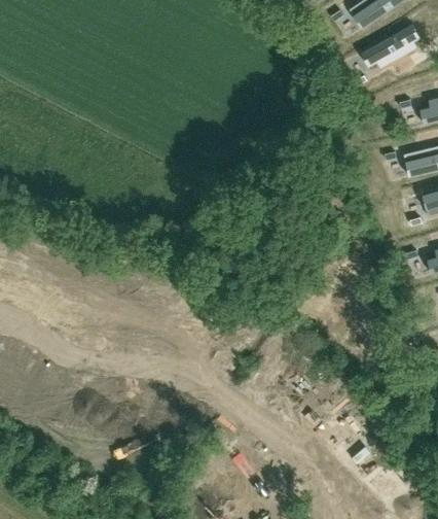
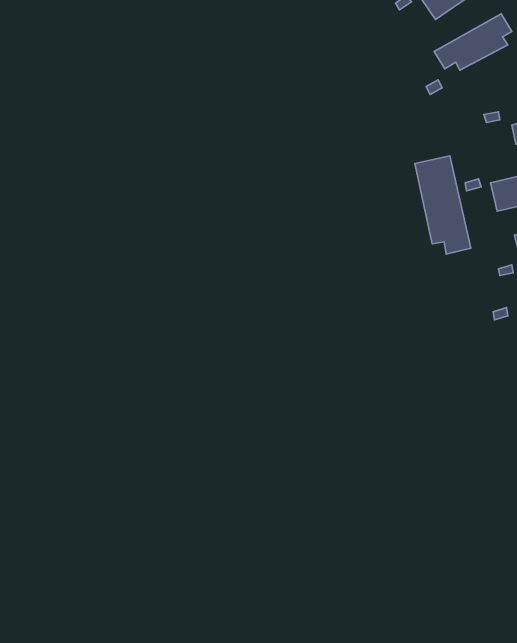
building: none -> [415,156,471,254]

